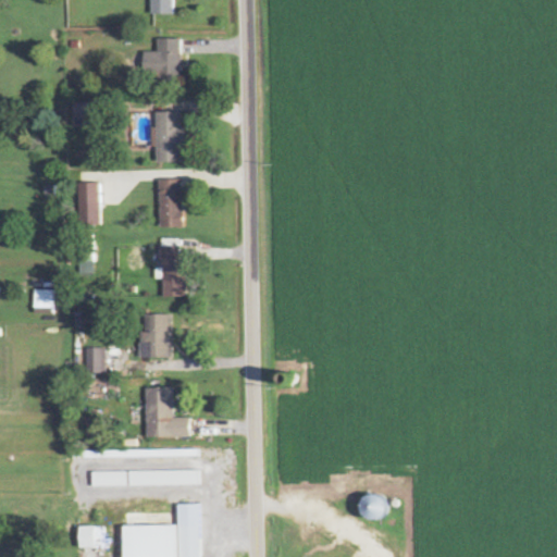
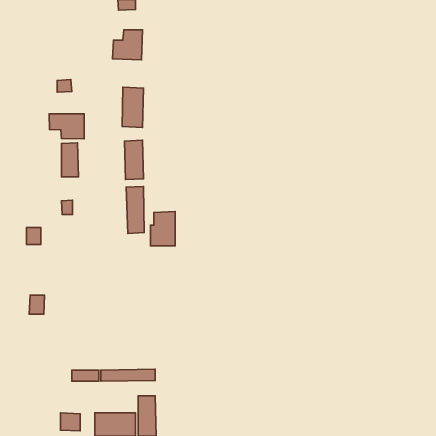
building: none -> [49,114,84,139]
building: [139,313,171,357] -> [150,212,175,246]
building: [86,348,106,372] -> [29,295,45,314]
building: [146,387,189,437] -> none
building: [359,496,384,519] -> none

